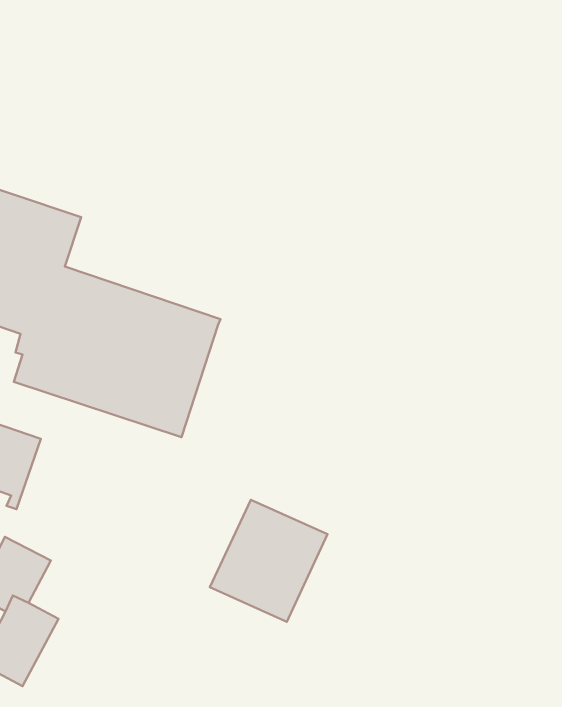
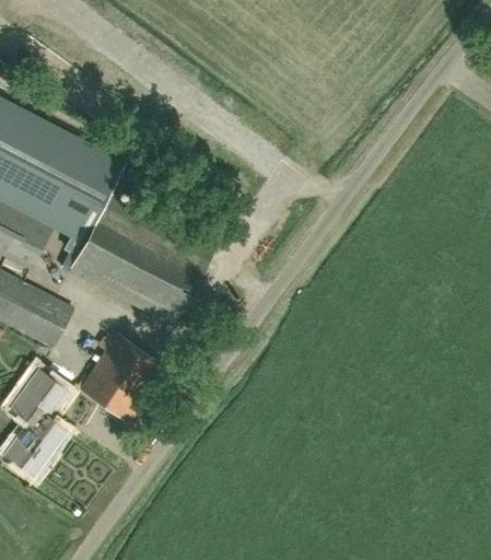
building: [210,500,328,622] -> [79,332,164,419]

